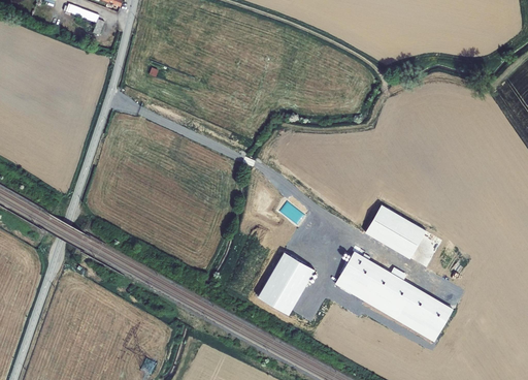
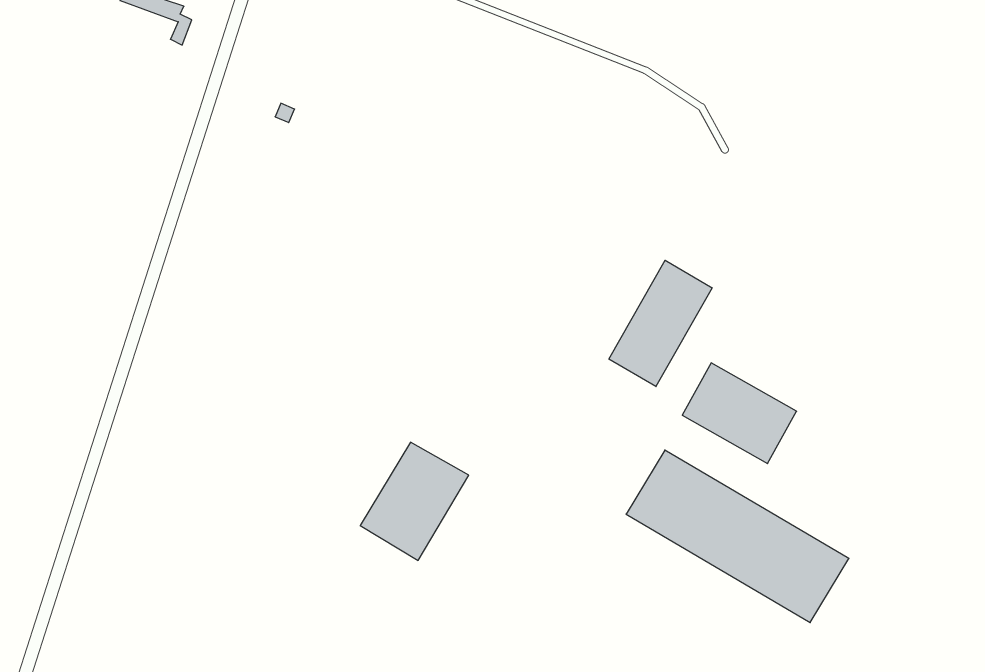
building: none -> [609,260,712,387]
building: [258,252,316,315] -> [360,442,469,560]

